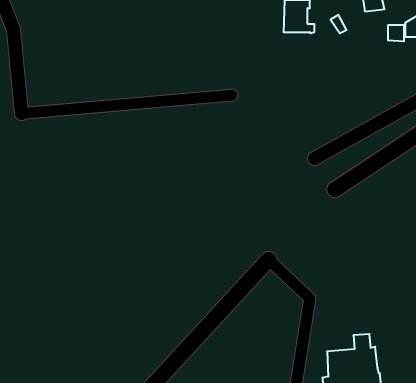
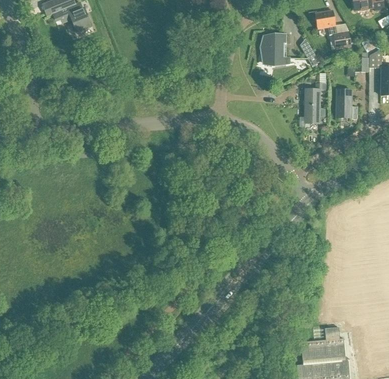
building: none -> [304,83,326,123]
building: none -> [335,90,357,118]

